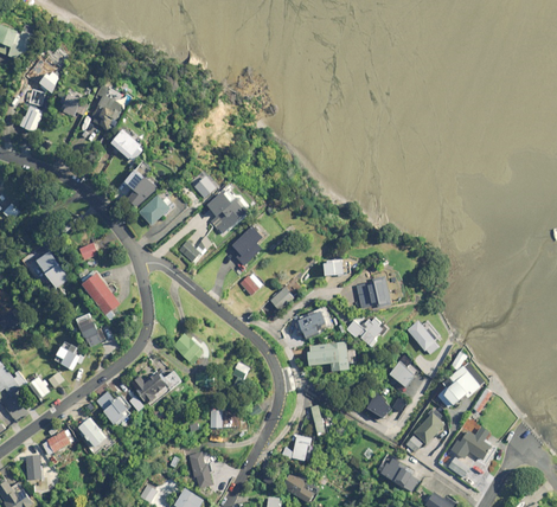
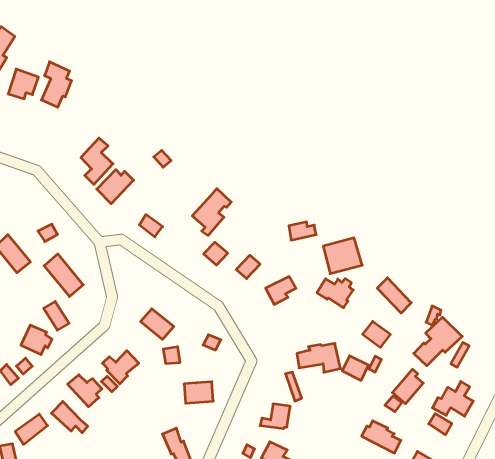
building: [110,128,143,161] -> none
building: [206,193,248,236] -> none
building: [307,344,348,371] -> [297,343,340,372]

